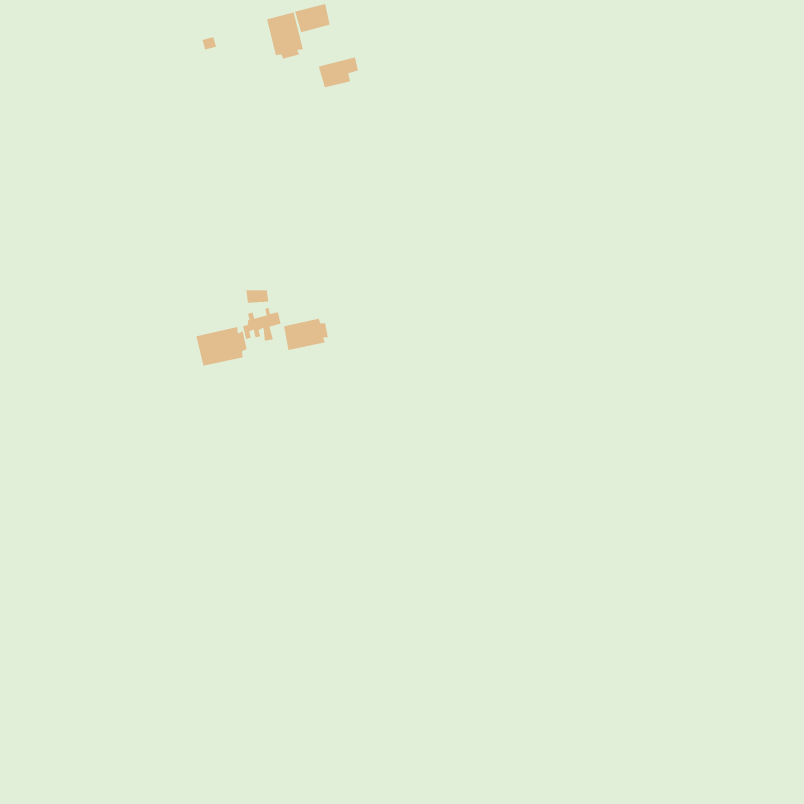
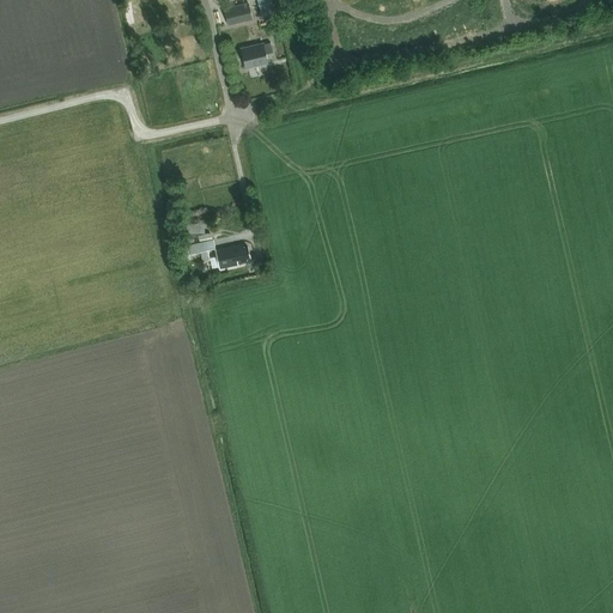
building: [266,11,304,59] -> none
building: [195,326,248,366] -> none

